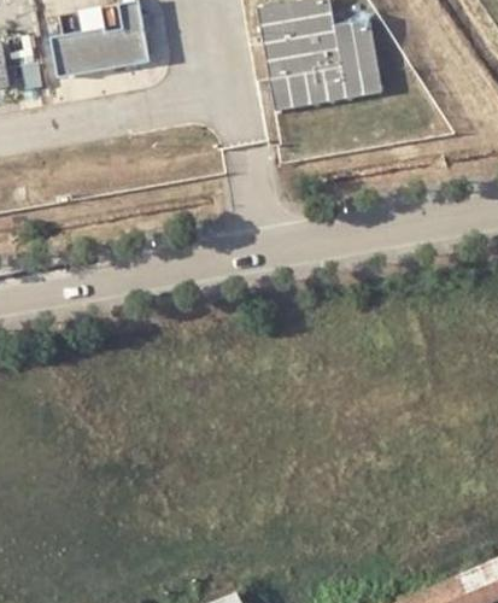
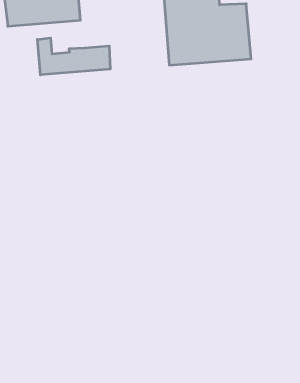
building: none -> [37,38,110,75]

